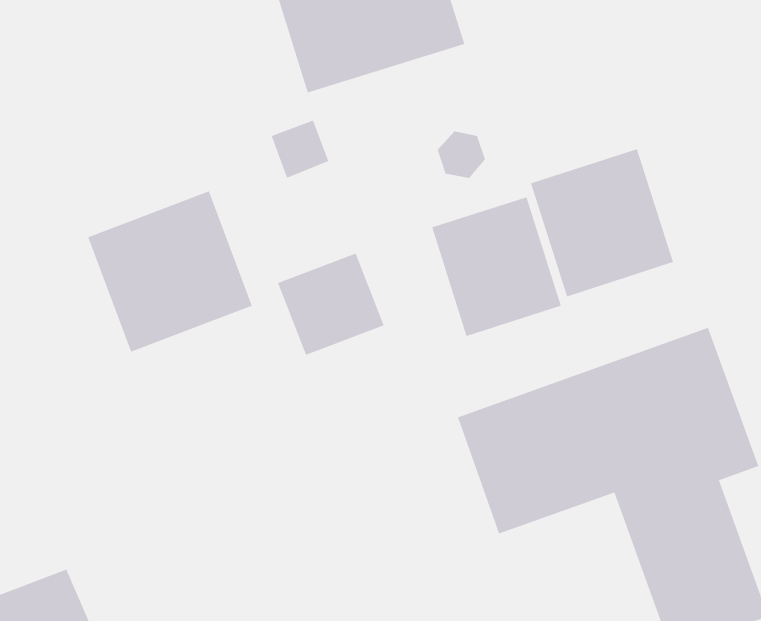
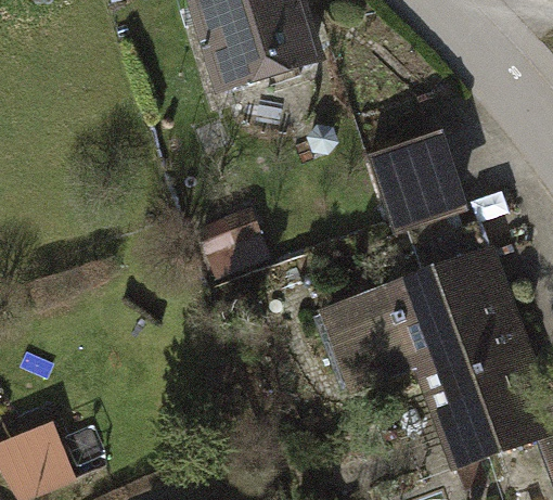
building: [87,191,253,352] -> none
building: [431,196,561,337] -> none

